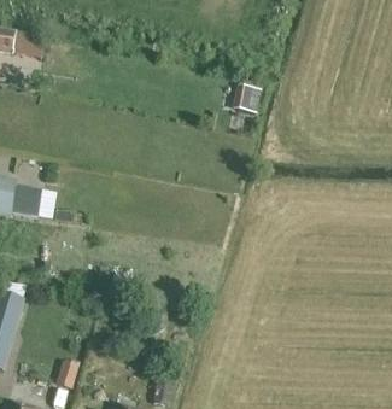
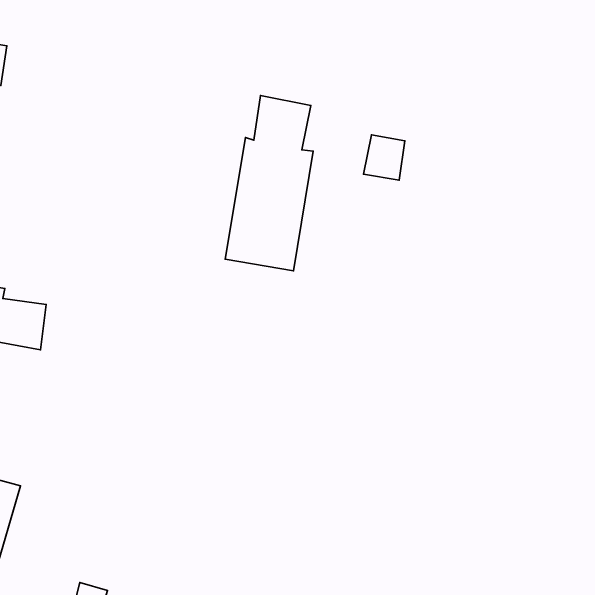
building: none -> [225,96,313,271]

